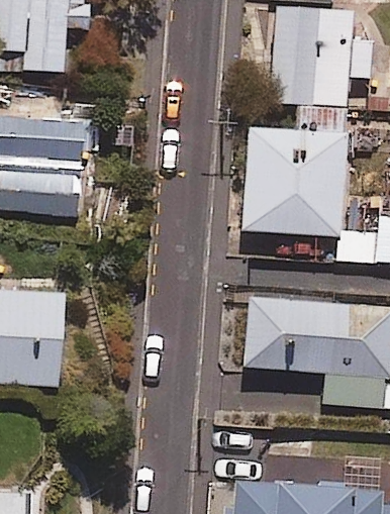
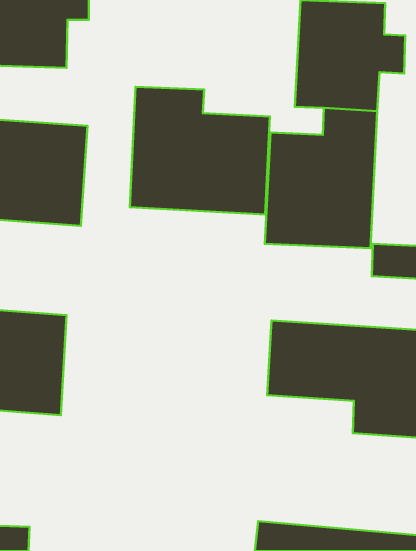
building: none -> [130,87,270,215]

